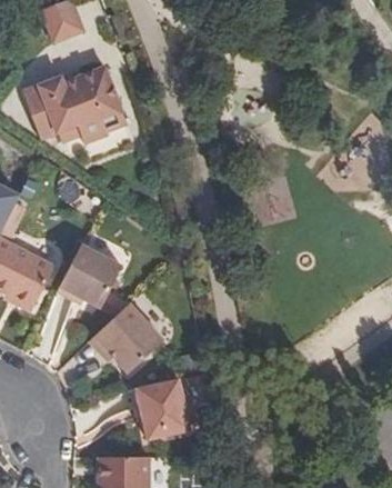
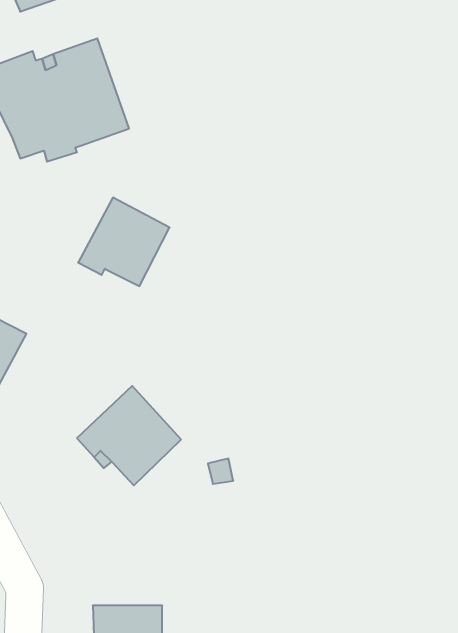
building: [57,246,121,308] -> [78,198,170,286]
building: [134,379,190,438] -> none

